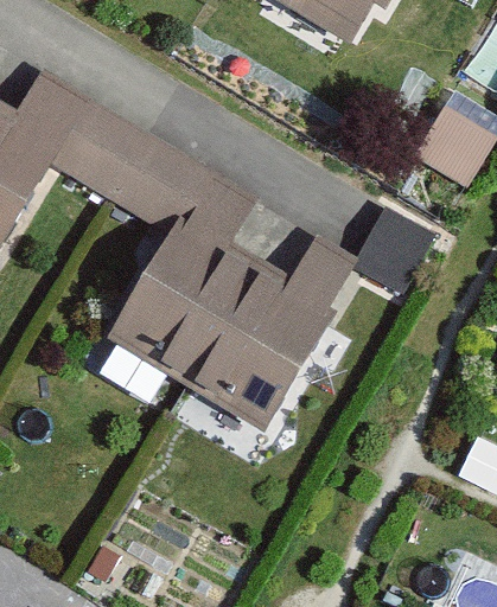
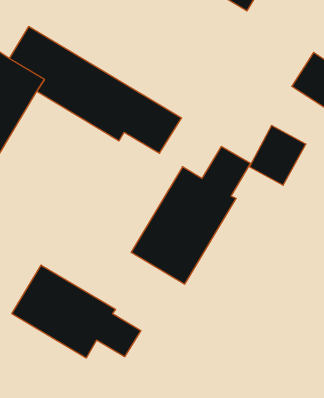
building: [103,218,257,388] -> none
building: none -> [12,265,141,358]

